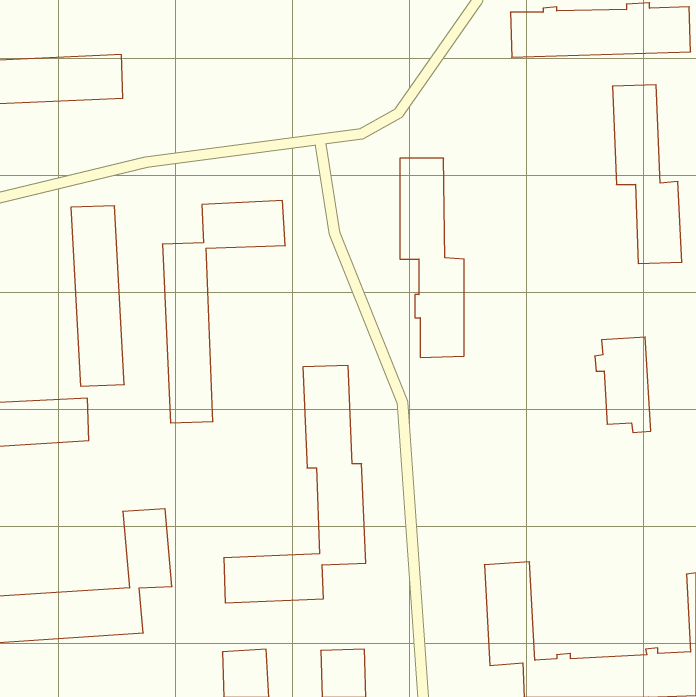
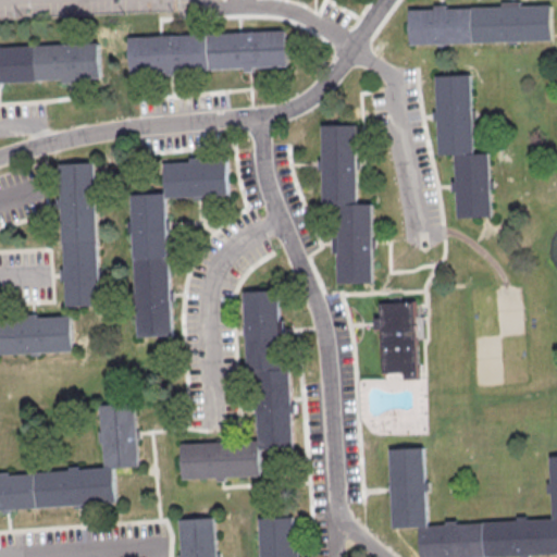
building: none -> [126,32,286,74]
building: [612,85,682,264] -> [434,76,490,219]
building: [595,337,651,433] -> [374,304,419,380]

